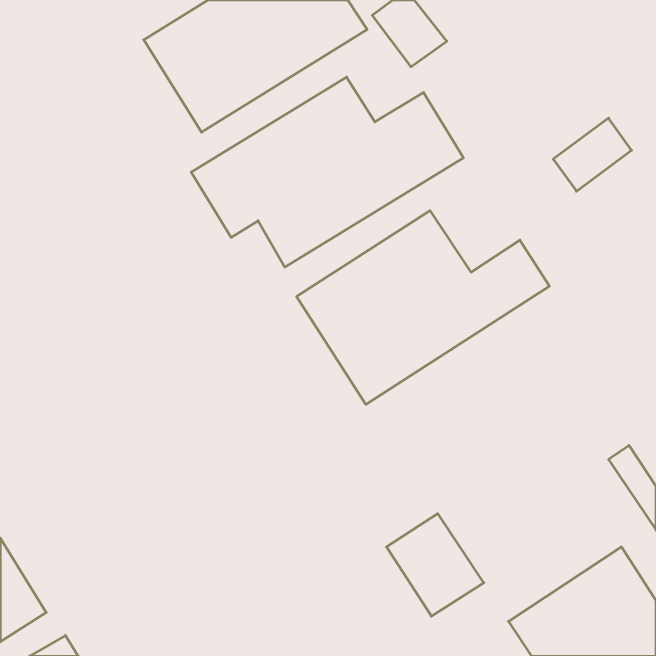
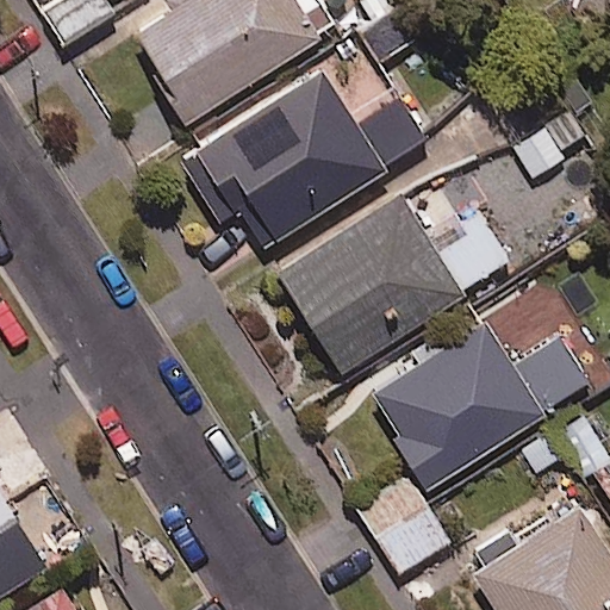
building: none -> [367,320,590,490]

